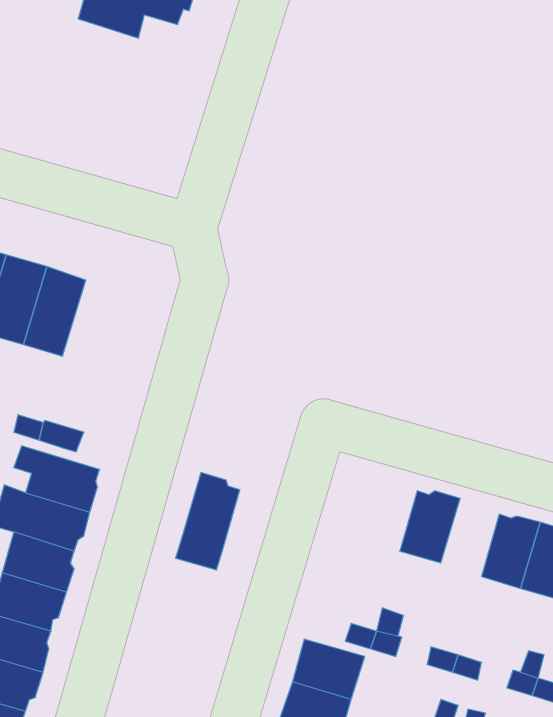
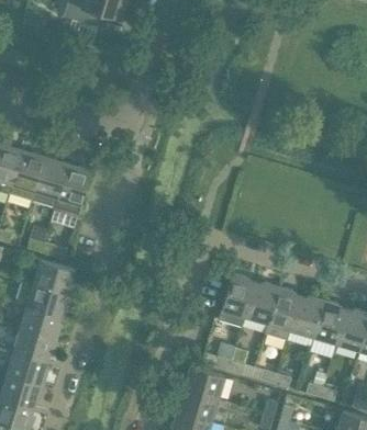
building: none -> [55,163,91,214]
building: [176,472,240,570] -> [219,272,255,327]
building: none -> [265,286,301,341]

